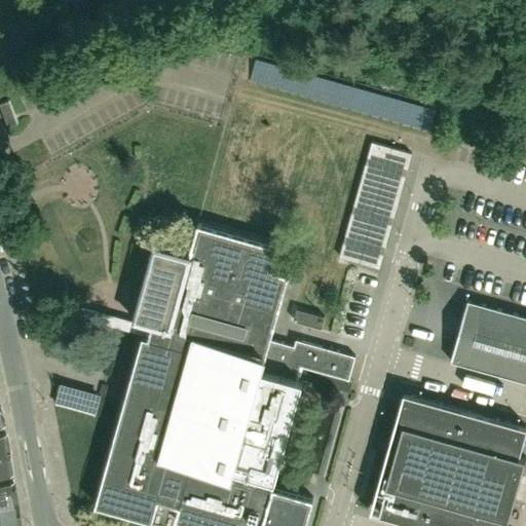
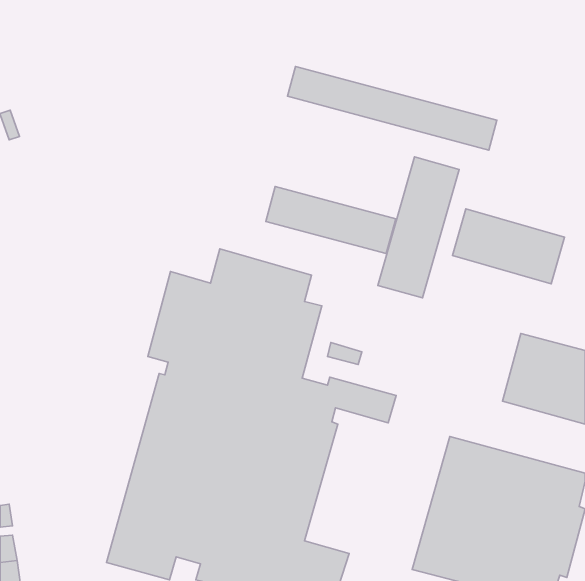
building: none -> [266,187,396,254]
building: none -> [452,209,565,284]

